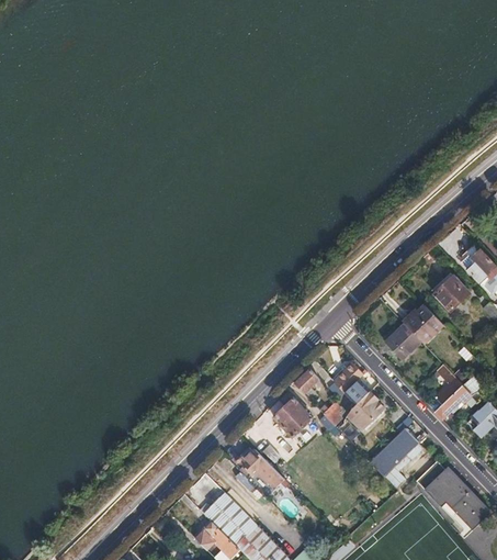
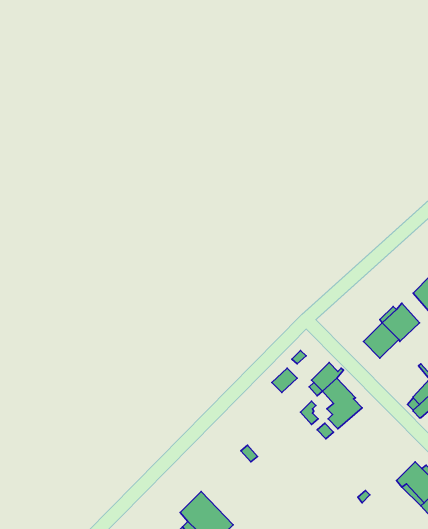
building: [274,399,313,436] -> none
building: [371,428,420,477] -> none
building: [235,448,284,488] -> none

